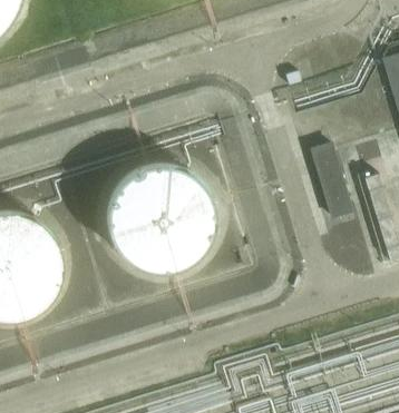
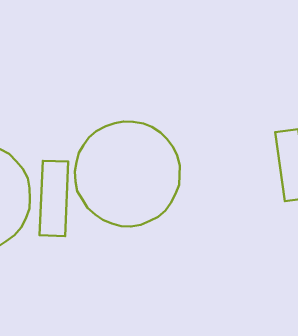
building: none -> [39,161,68,236]

